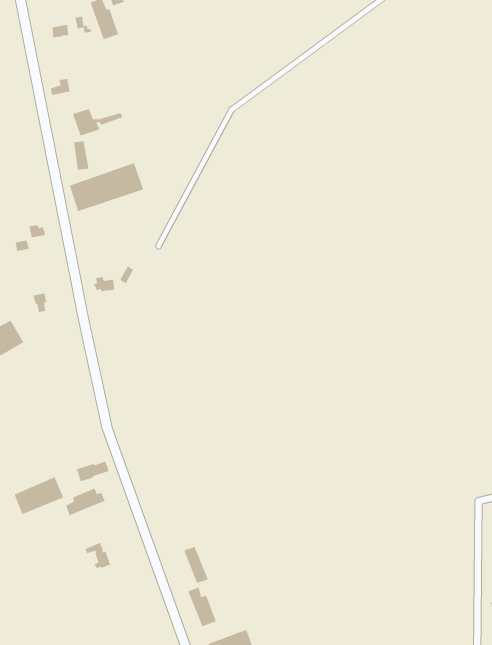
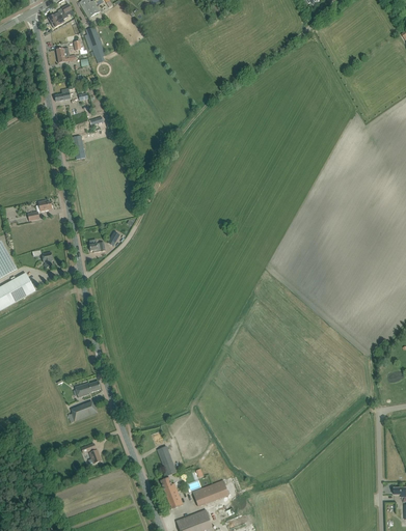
building: [69,162,144,212] -> none
building: [14,476,64,515] -> none
building: none -> [192,480,228,506]

